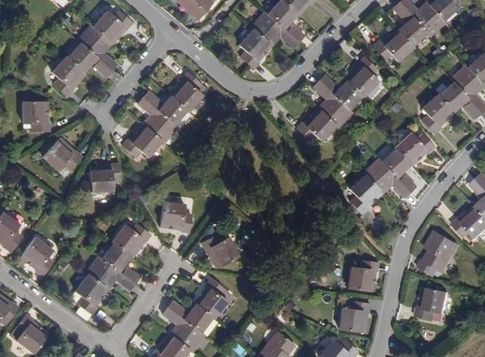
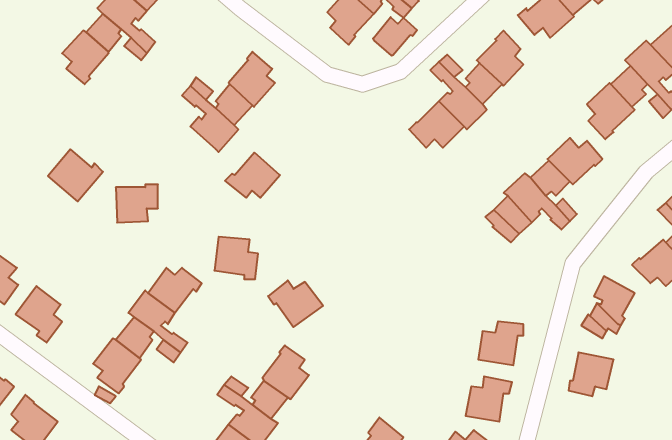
building: none -> [373,17,417,56]
building: [22,101,49,131] -> none
building: [121,124,160,156] -> [225,153,280,198]

